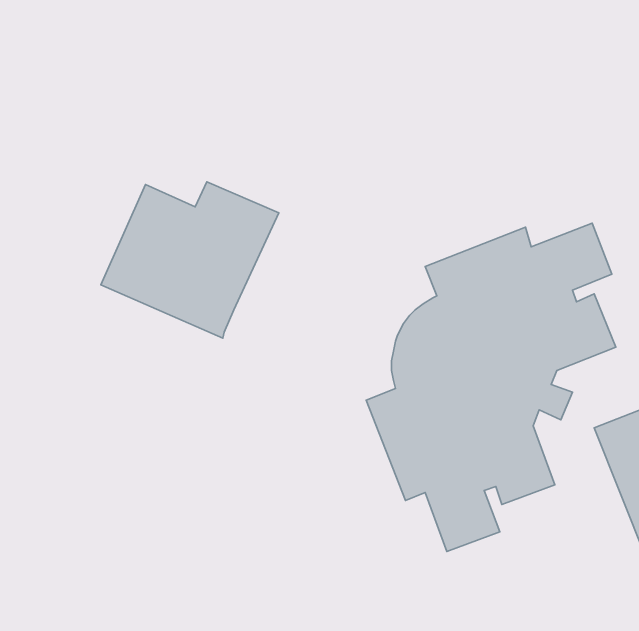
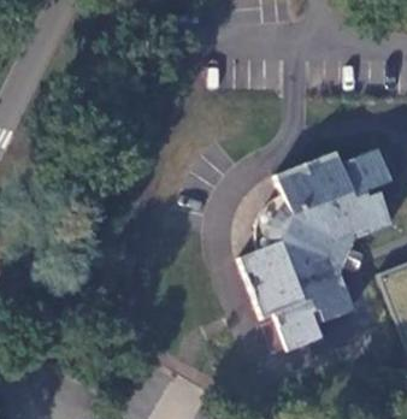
building: [101,182,279,338] -> none

